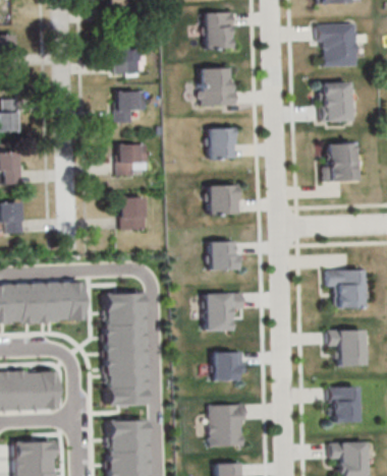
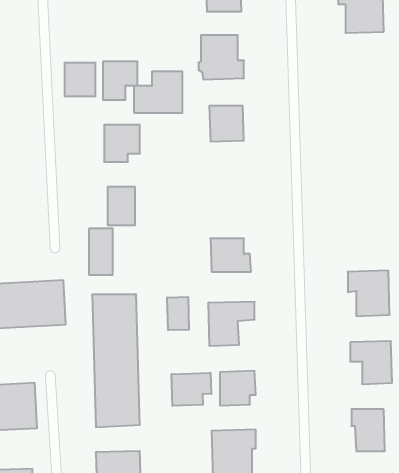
building: [114,46,141,74] -> [64,63,96,96]
building: [320,83,349,122] -> none
building: none -> [134,71,182,113]
building: [325,145,354,184] -> none
building: [207,185,236,216] -> none
building: none -> [89,228,113,275]
building: none -> [167,297,189,330]
building: none -> [171,373,211,406]

